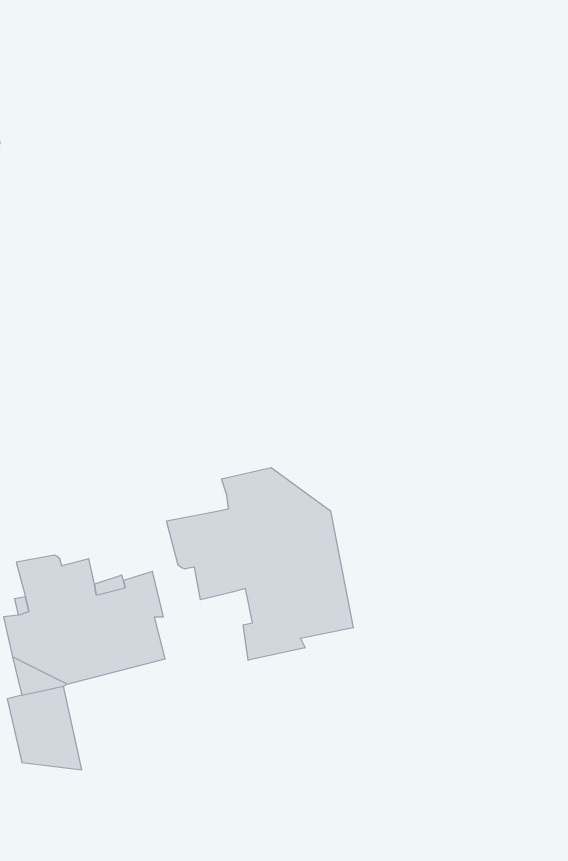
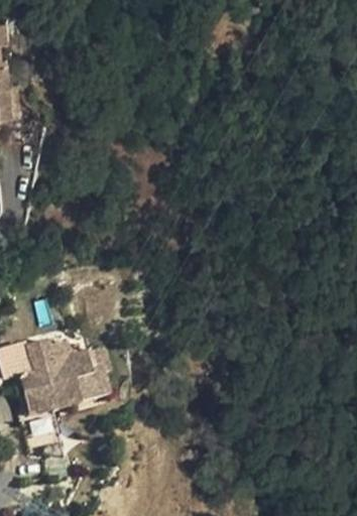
building: [167,468,353,660] -> none

